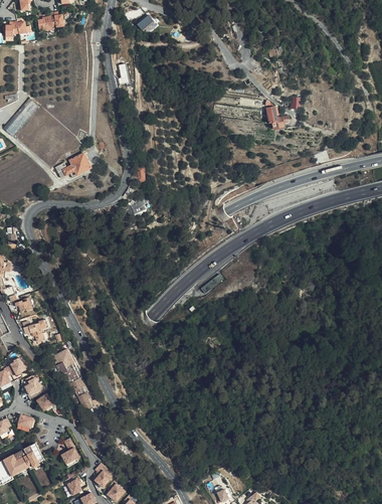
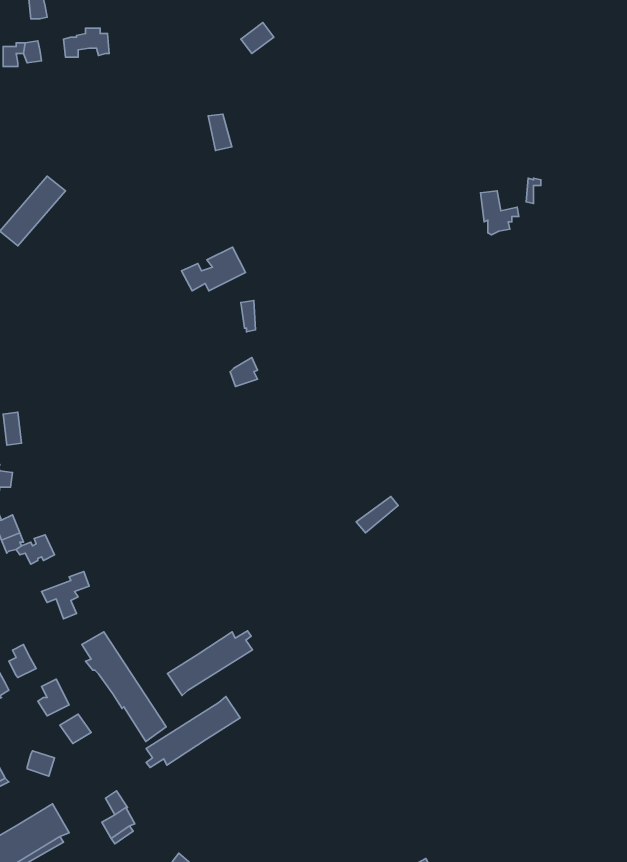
building: [55,153,90,177] -> [181,247,245,291]
building: none -> [167,631,252,696]
building: none -> [146,697,240,767]

